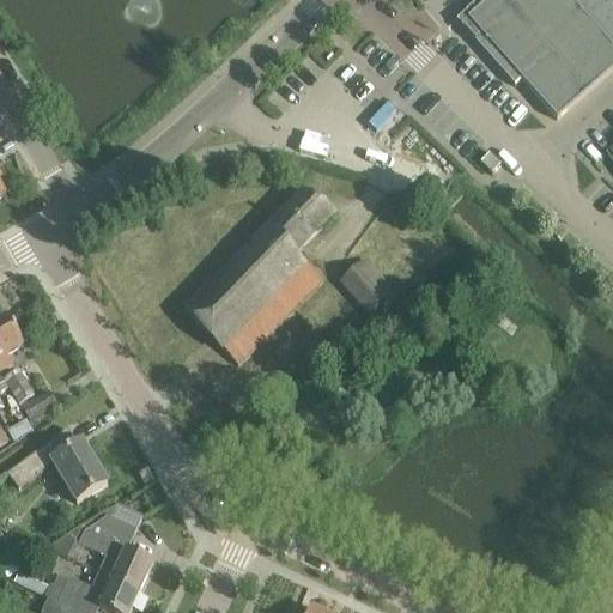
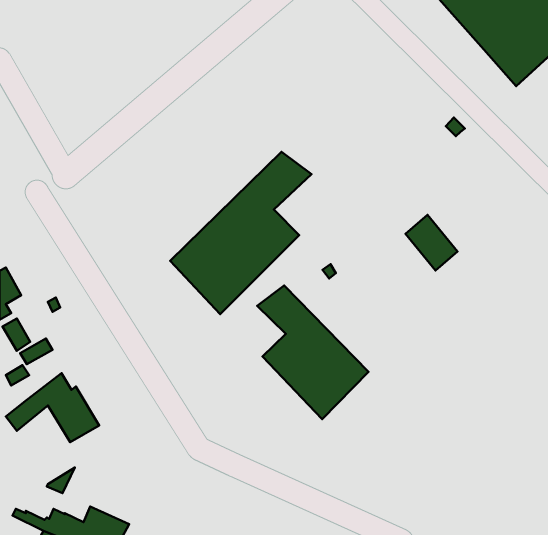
building: [341,257,397,317] -> [405,215,458,270]
building: none -> [257,286,369,419]
building: [80,514,153,588] -> none

